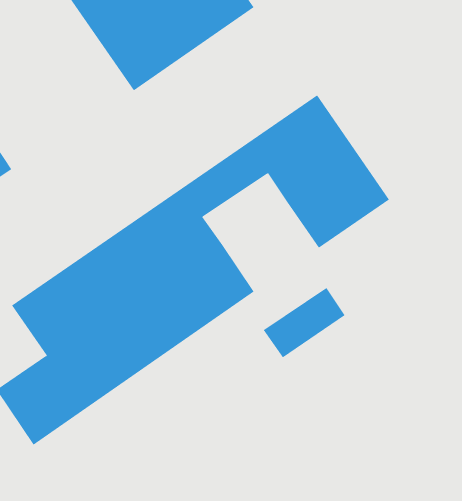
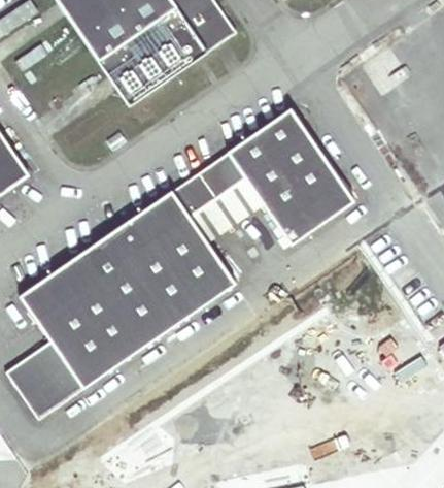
building: [263,287,345,358] -> [190,177,263,240]

